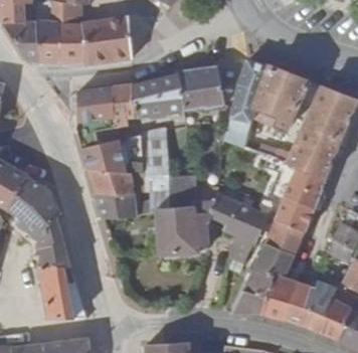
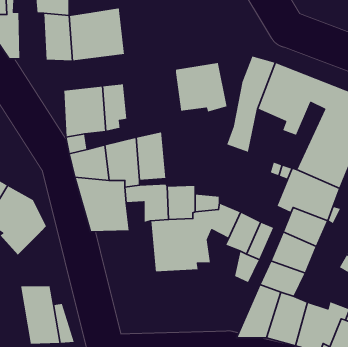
building: [36,20,60,63] -> none
building: [131,74,182,117] -> none
building: [35,218,70,267] -> none

